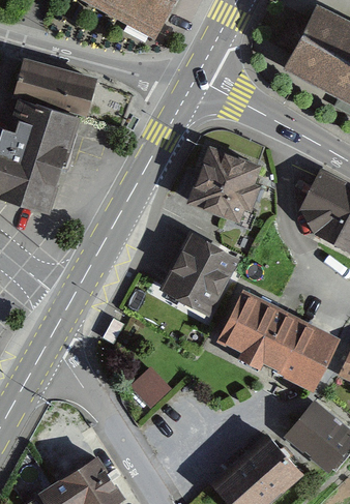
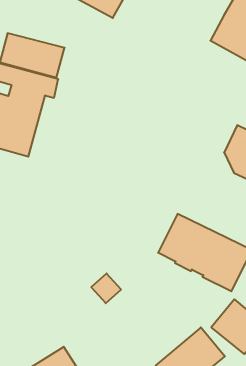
building: [187,147,268,226] -> none
building: [163,234,244,325] -> none

